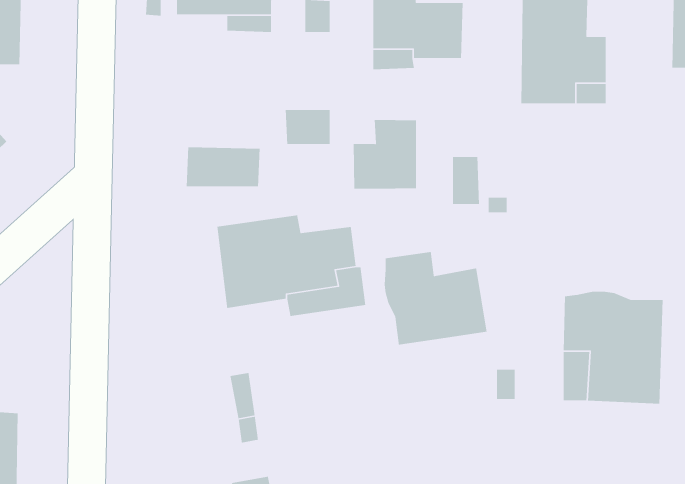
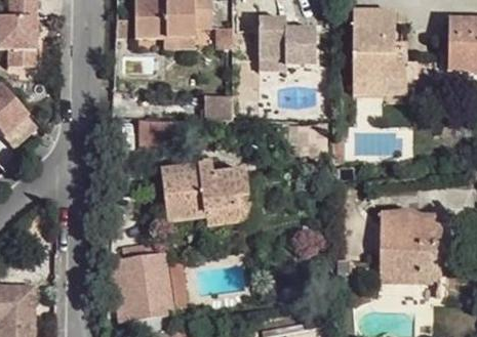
building: [353,119,417,190] -> none
building: [384,251,487,346] -> none
building: none -> [117,241,174,321]

